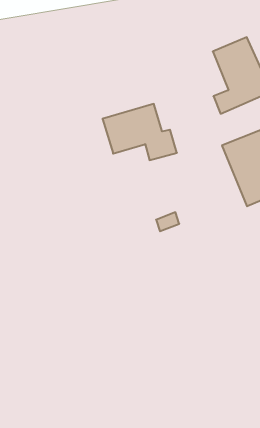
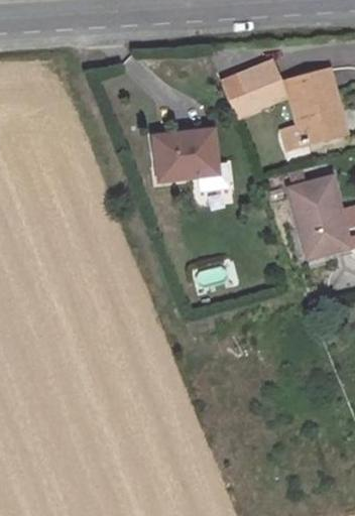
building: none -> [217,61,281,118]

